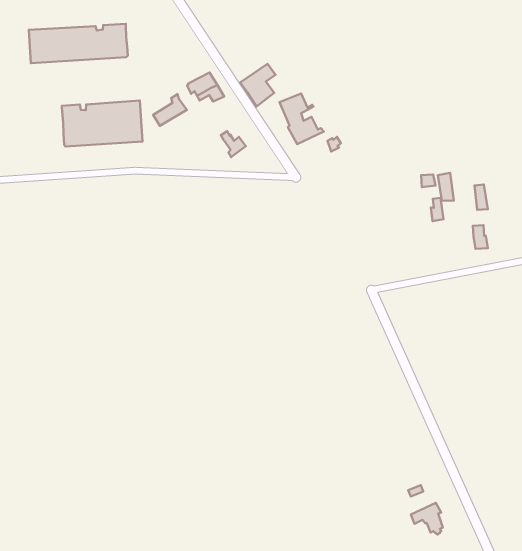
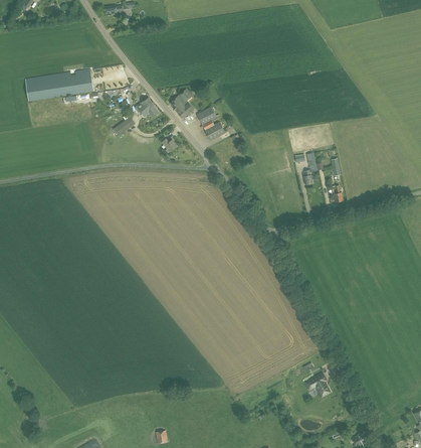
building: [62,101,142,146] -> none

